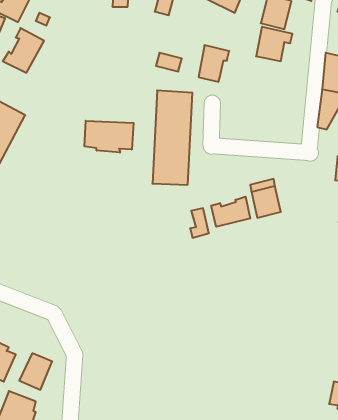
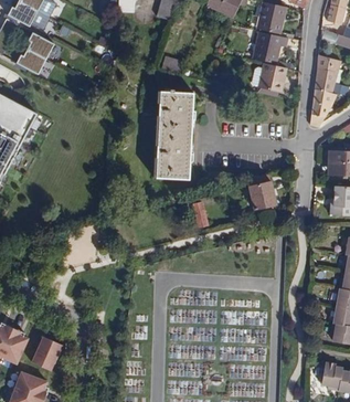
building: [199,45,229,82] -> [258,62,287,96]
building: [84,121,134,153] -> none
building: [211,197,250,227] -> none

